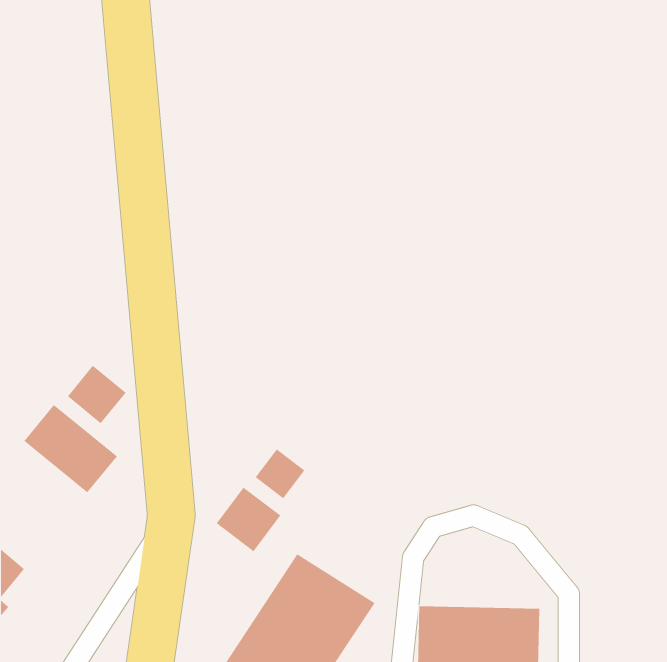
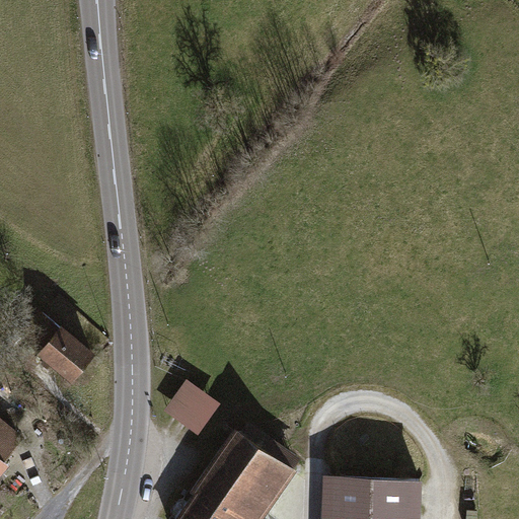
building: [67,365,127,424] -> none
building: [255,448,305,499] -> none

